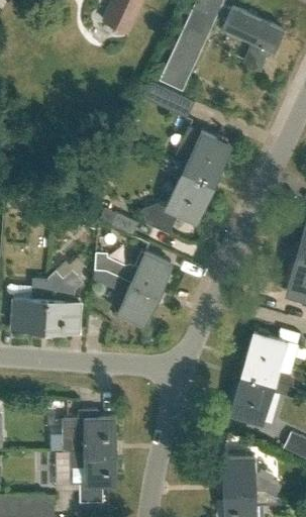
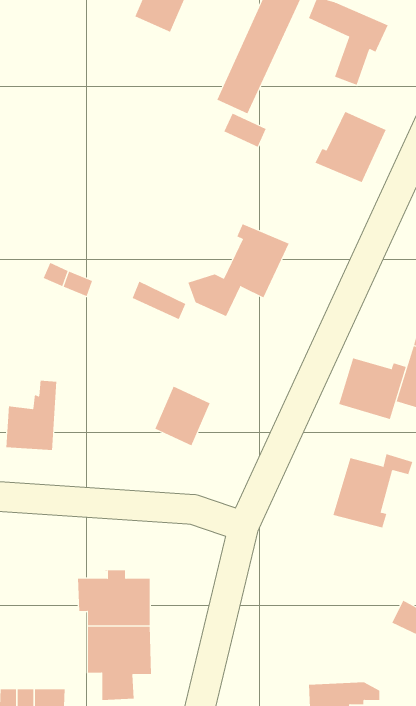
building: [179,133,229,184] -> [315,111,386,183]
building: [96,253,171,296] -> none
building: none -> [339,357,407,420]
building: [45,272,82,331] -> none
building: [231,375,278,423] -> none
building: [224,459,281,498] -> none

